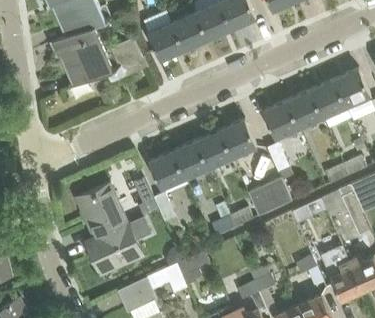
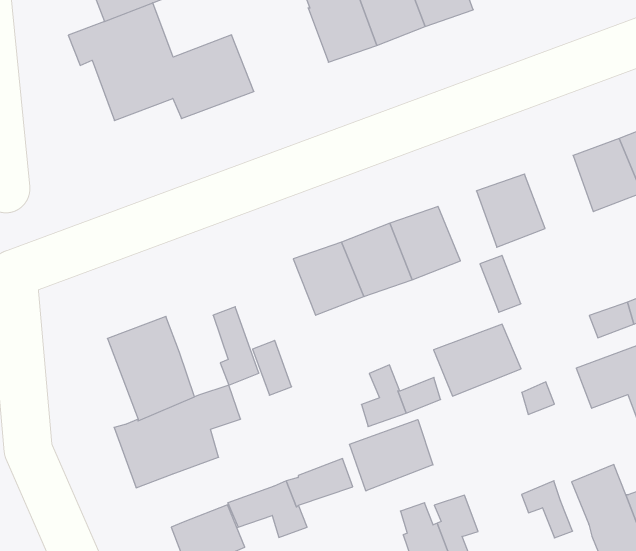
building: [147,24,183,62] -> none
building: [286,91,322,129] -> none
building: [148,152,184,190] -> none
building: none -> [349,420,433,491]

